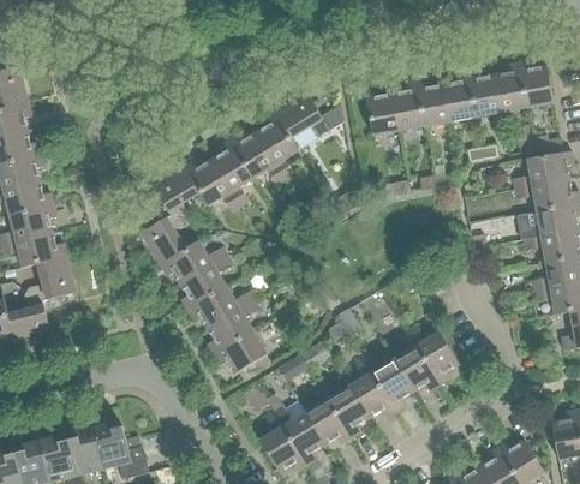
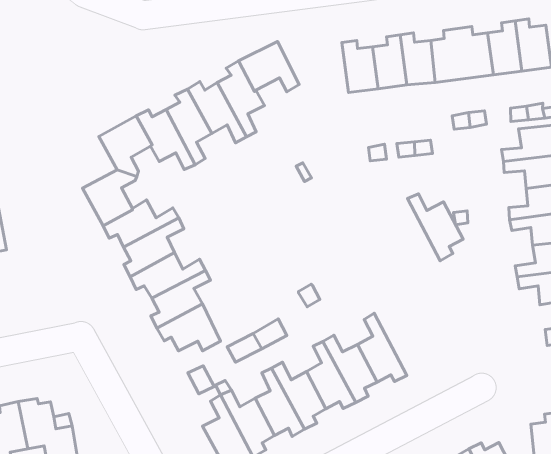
building: [406,325,458,384] -> [407,194,463,261]

